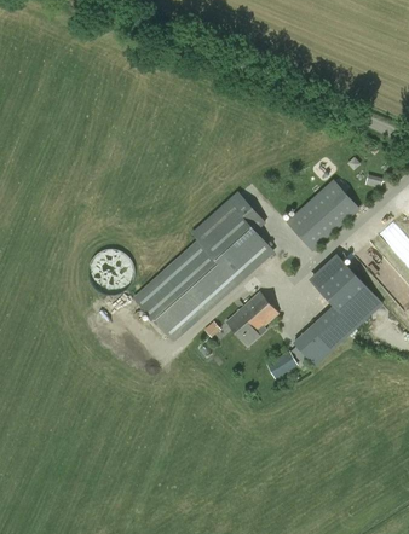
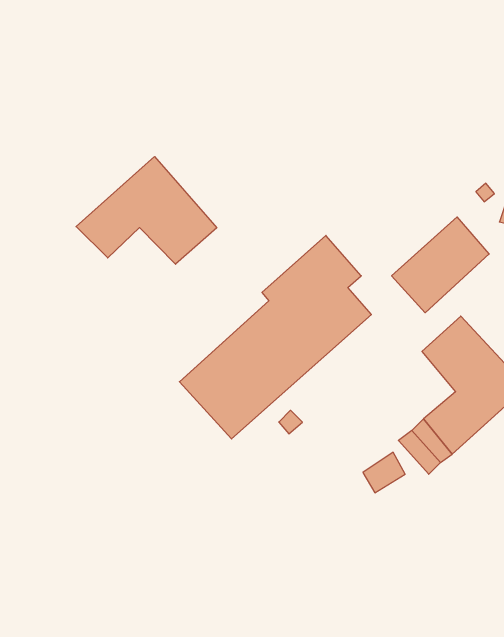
building: none -> [76,157,217,264]
building: [224,291,277,346] -> none

